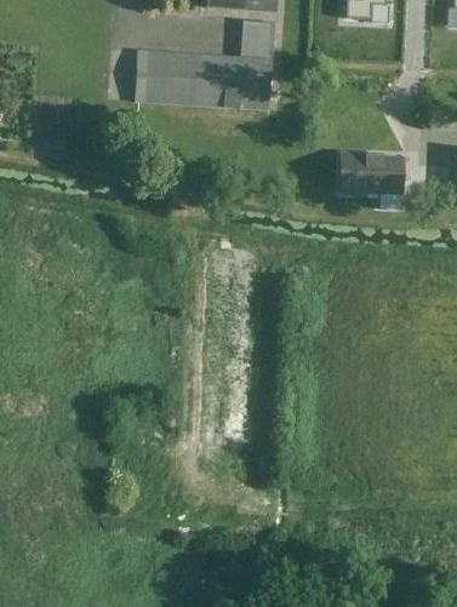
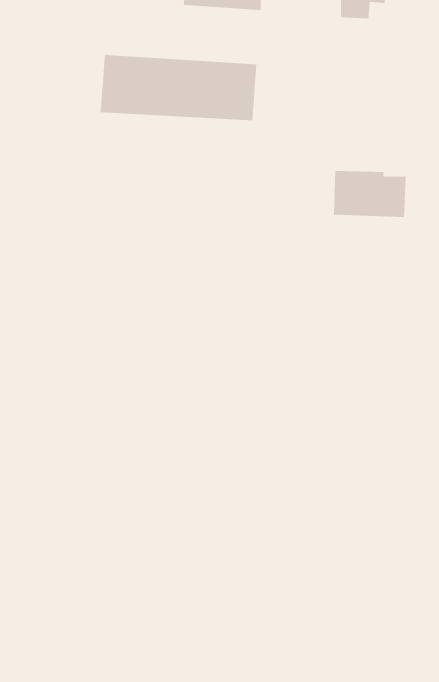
building: [241,18,275,56] -> none

